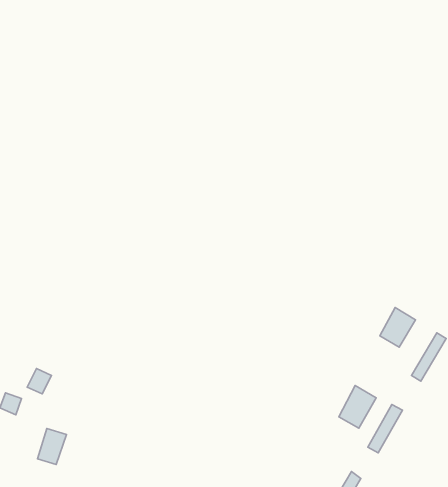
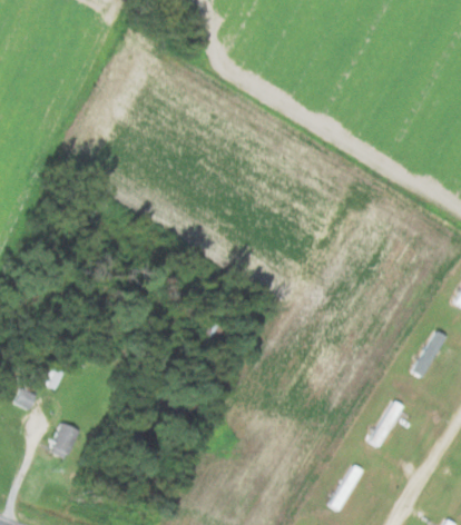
building: [380,307,416,347] -> none
building: [339,386,376,428] -> none

